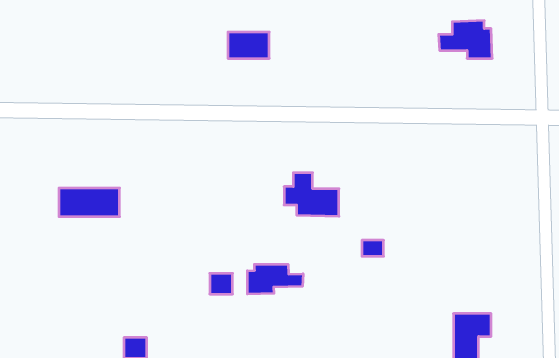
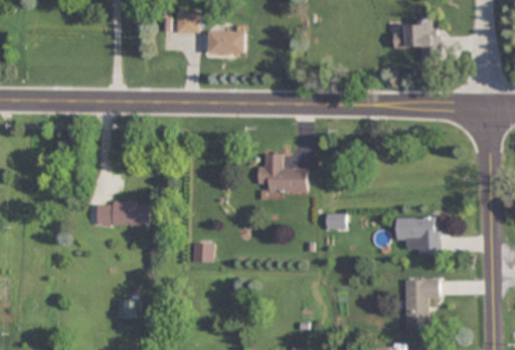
building: none -> [176,12,198,32]
building: [59,188,120,217] -> [97,200,150,225]
building: none -> [396,216,441,254]
building: [247,264,303,294] -> none

